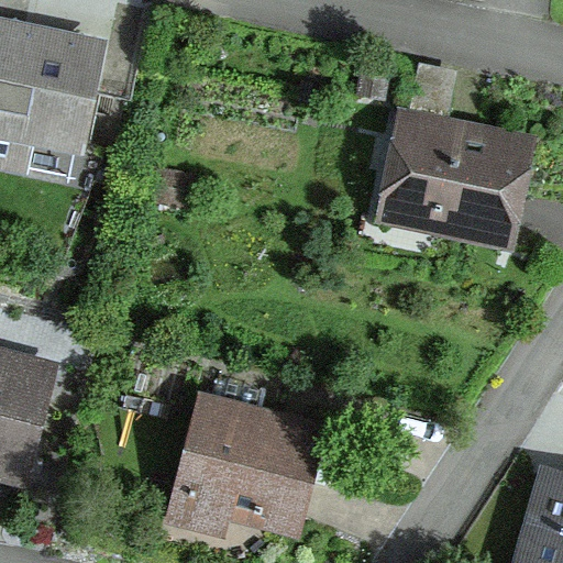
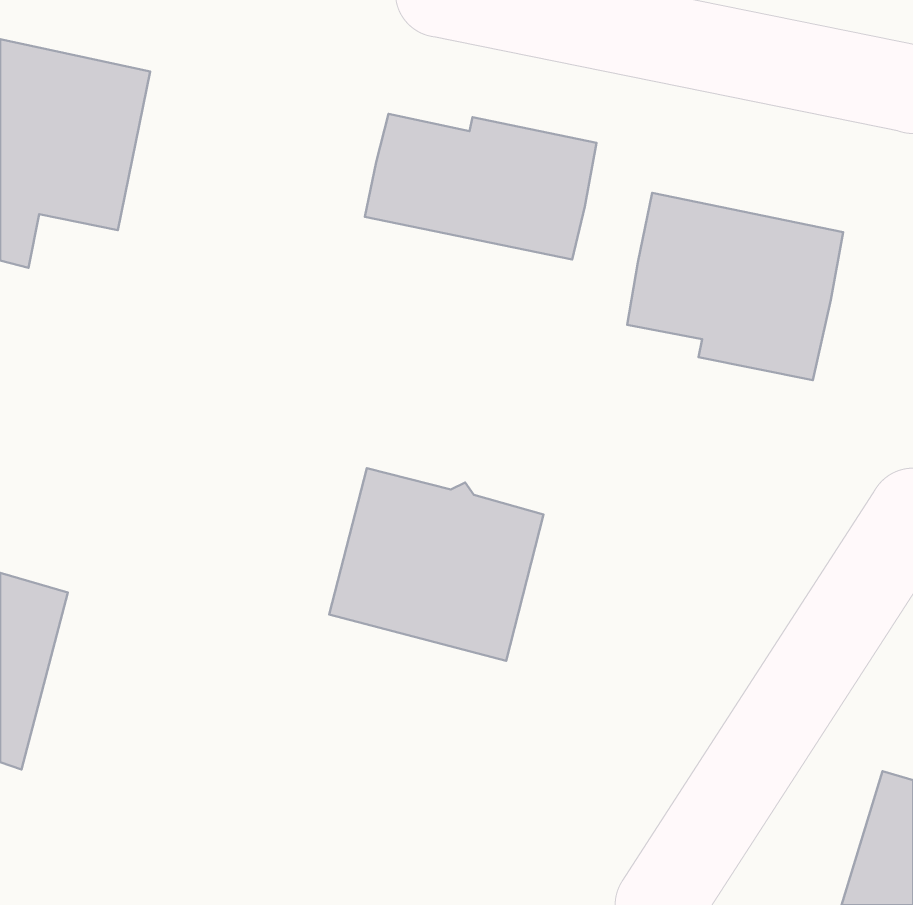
building: none -> [365,114,596,260]
building: [180,402,312,521] -> [329,468,544,661]

